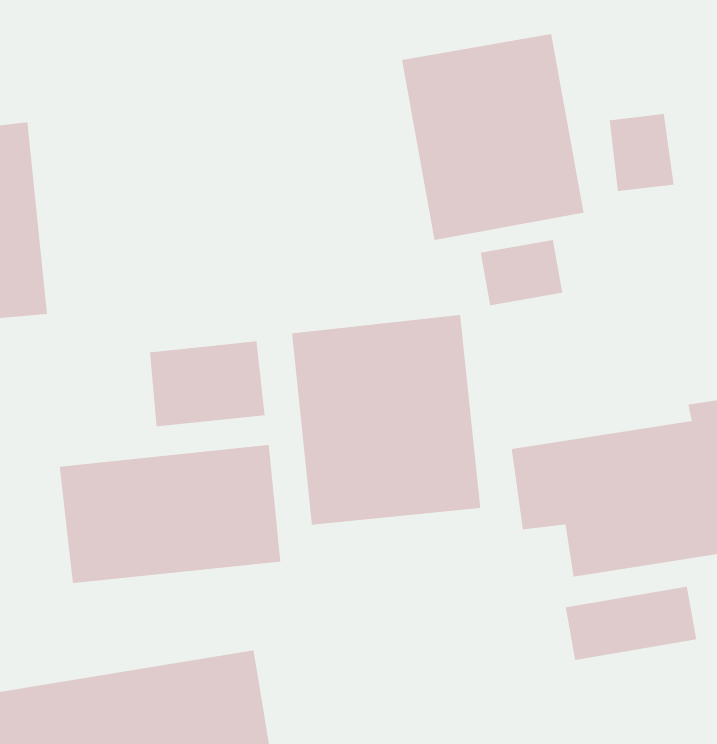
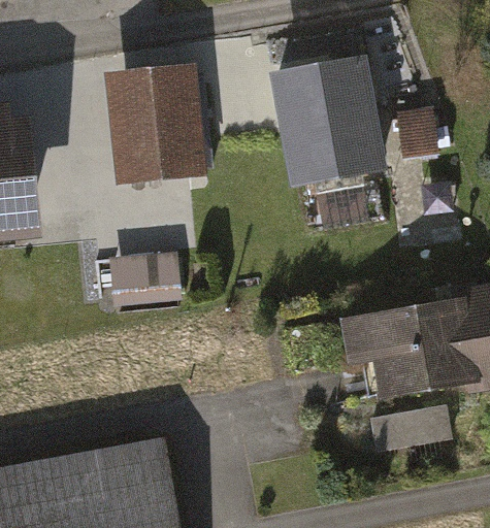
building: none -> [111,72,206,179]
building: [291,314,481,526] -> none
building: [59,444,281,584] -> none

